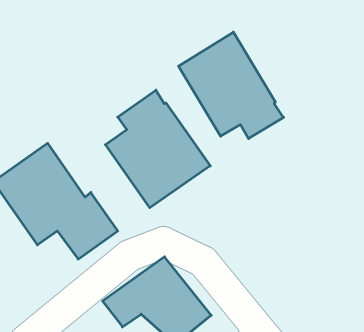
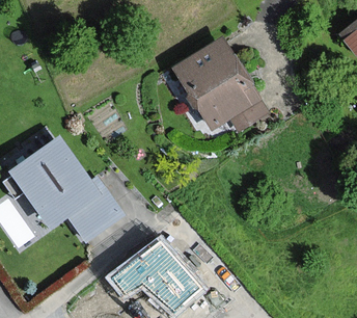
building: [105,90,210,208] -> none

